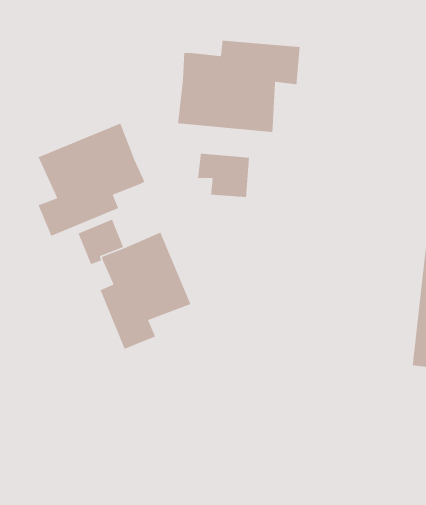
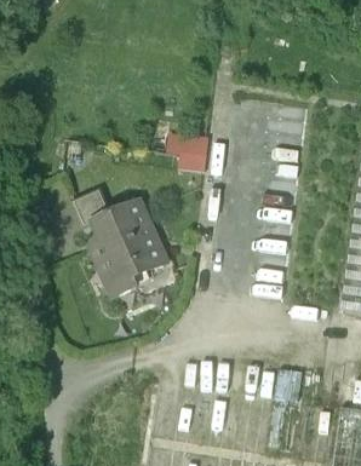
building: [177,40,300,133] -> none
building: [37,123,146,237] -> none

